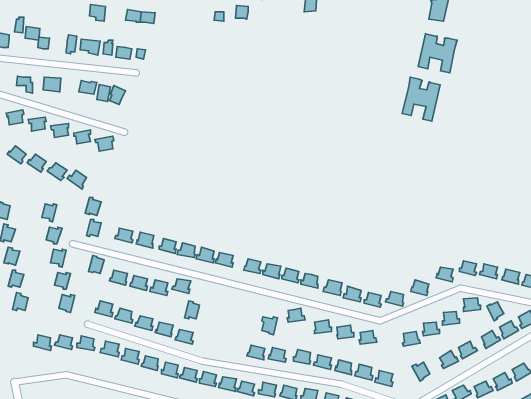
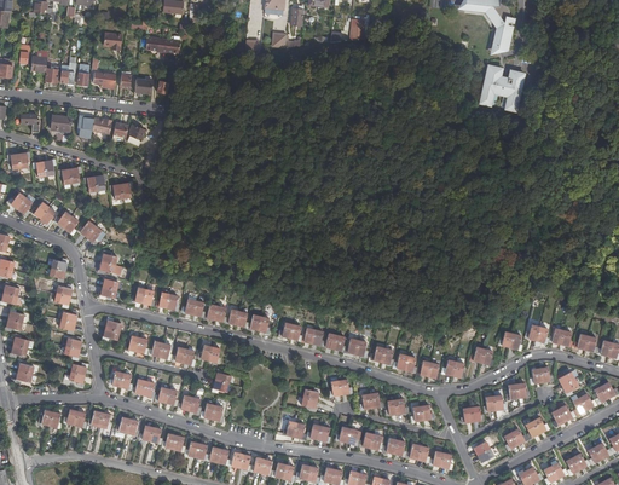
building: [402,77,440,121] -> none

